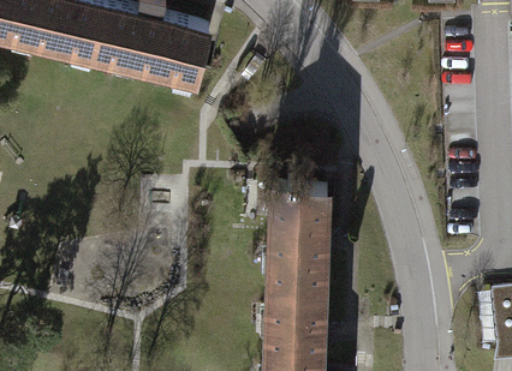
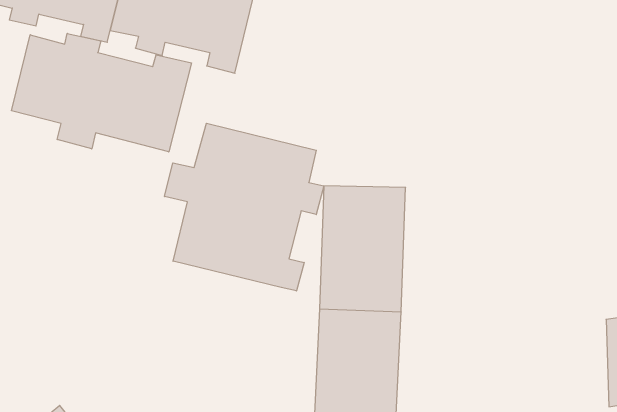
building: none -> [12,33,191,152]
building: none -> [165,123,324,291]

